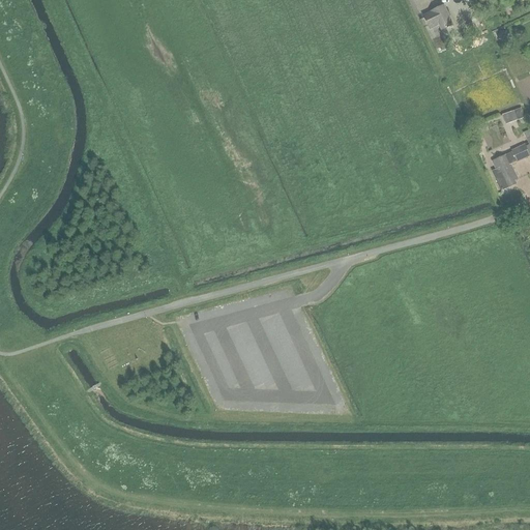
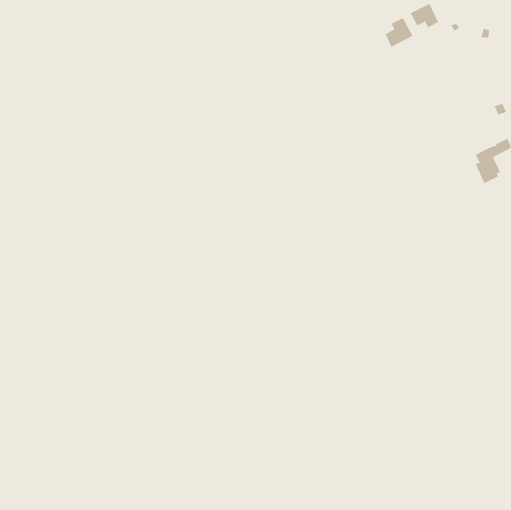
building: none -> [385,17,413,47]

